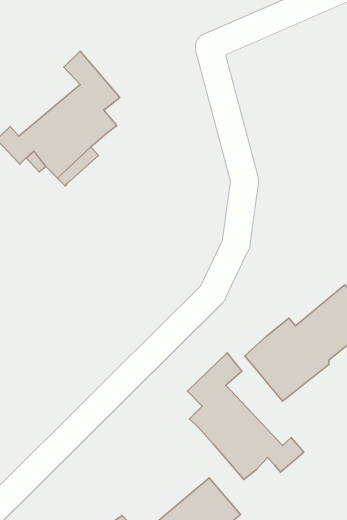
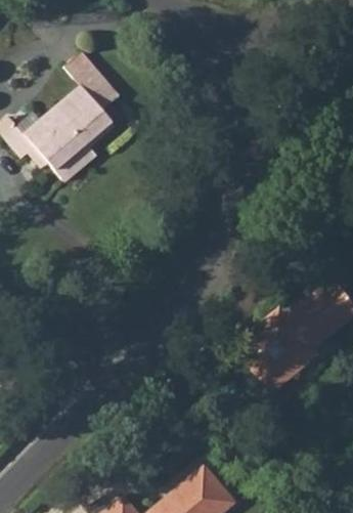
building: [187,353,304,480] -> none

